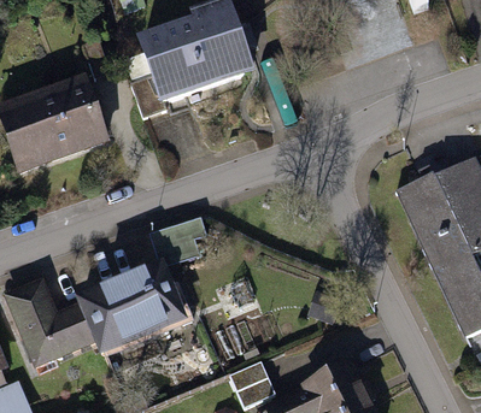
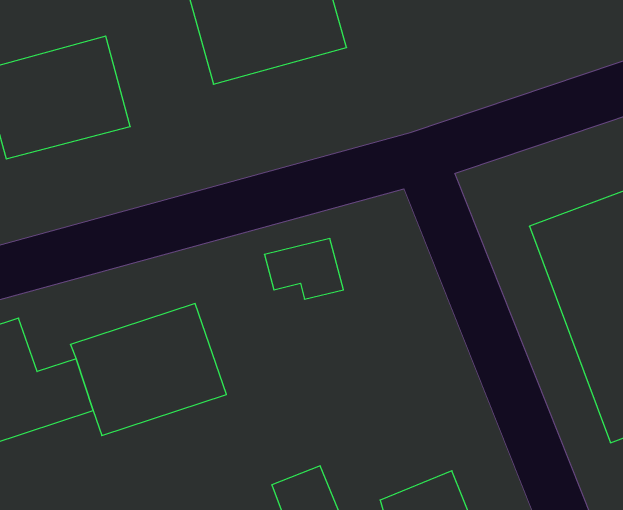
building: [149,219,206,262] -> [264,239,343,299]

